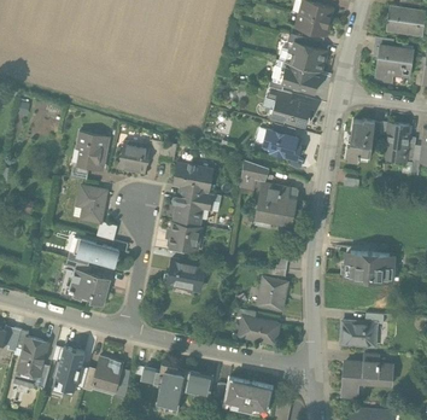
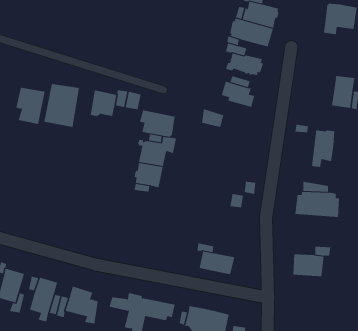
building: [347,122,374,163] -> [311,130,335,167]
building: [256,185,296,226] -> none
building: [75,186,107,227] -> [16,87,45,124]
building: [72,239,117,269] -> none
building: [163,259,205,290] -> none
building: [69,269,110,303] -> none
building: [257,278,287,310] -> none
building: [343,361,392,398] -> none

